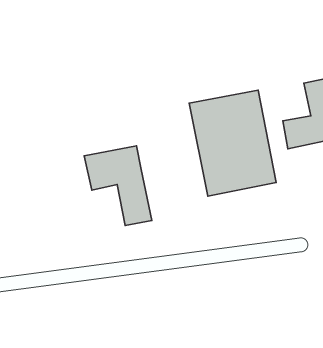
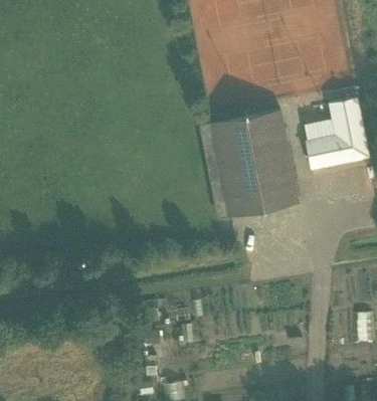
building: [84,146,152,226] -> none

